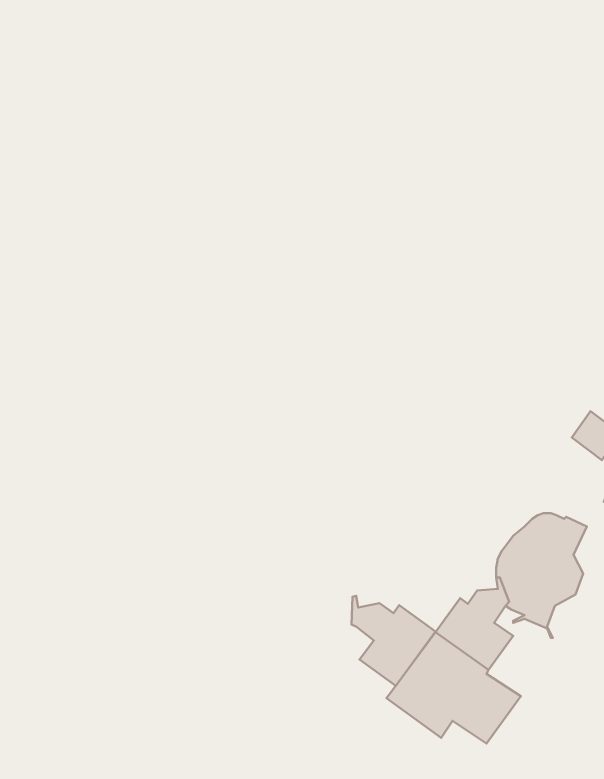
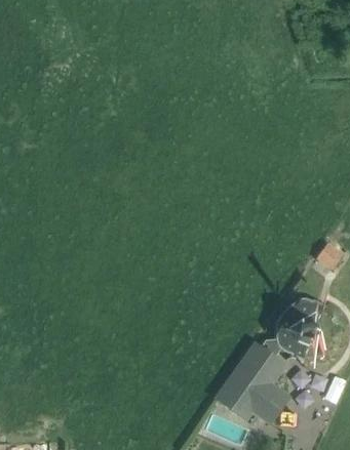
building: [351,596,435,686] -> none

